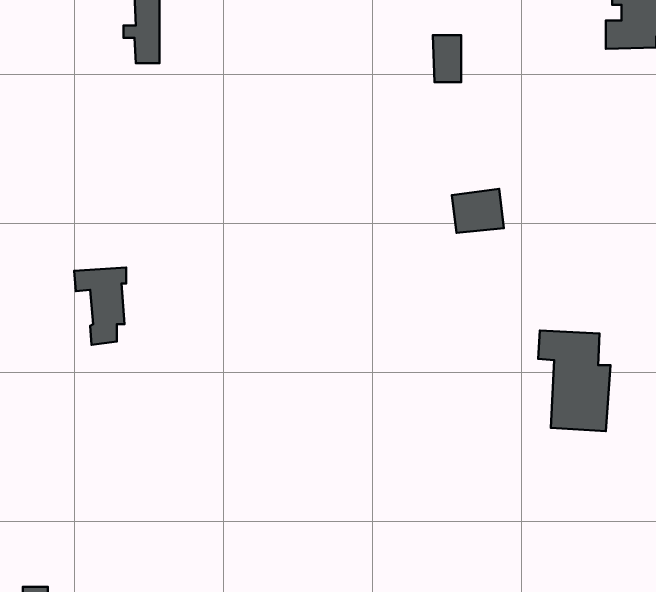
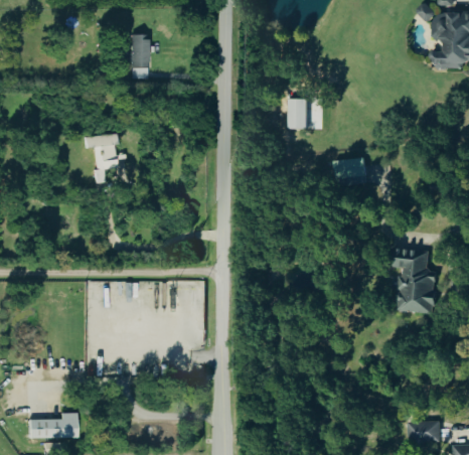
building: [433,35,461,82] -> [290,100,308,130]
building: [74,268,126,345] -> [85,133,118,182]

